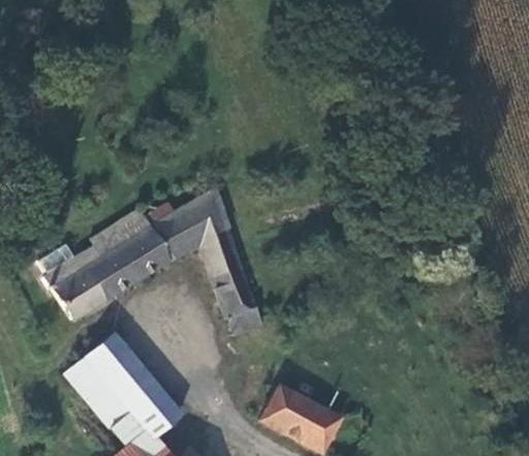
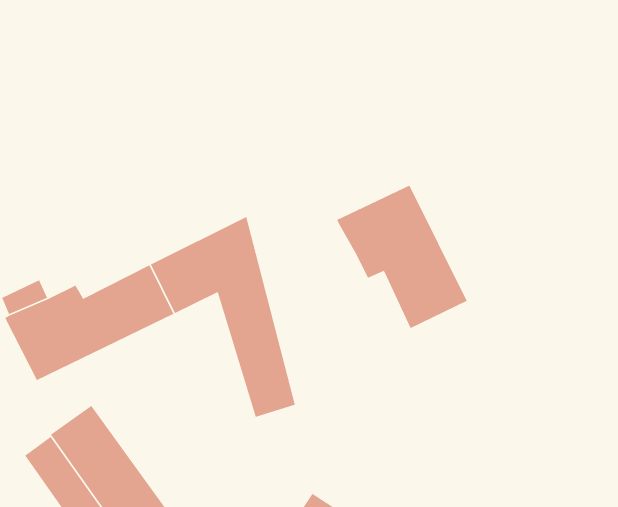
building: none -> [336,184,468,329]
building: [92,210,149,255] -> none

